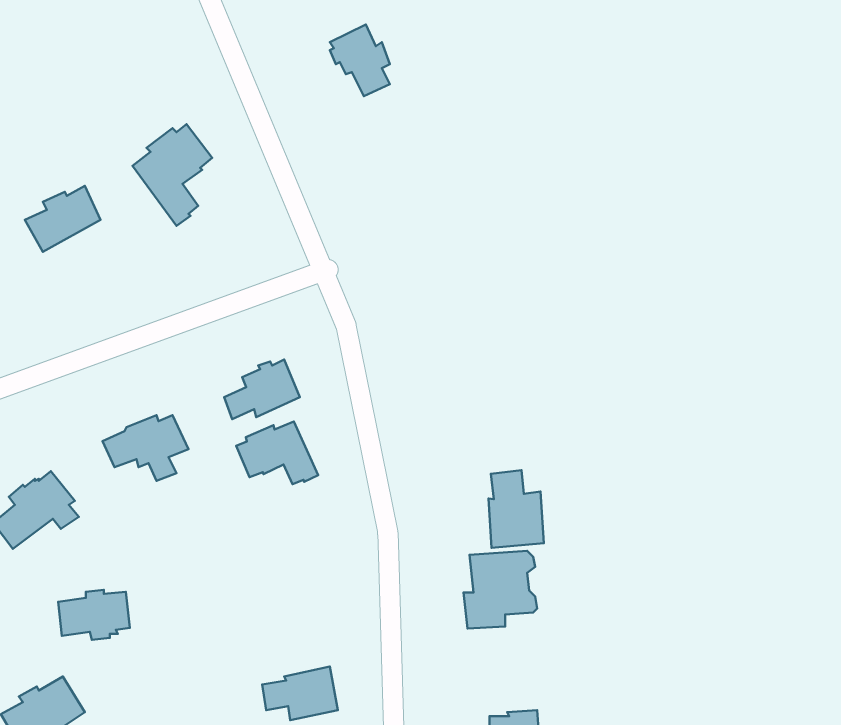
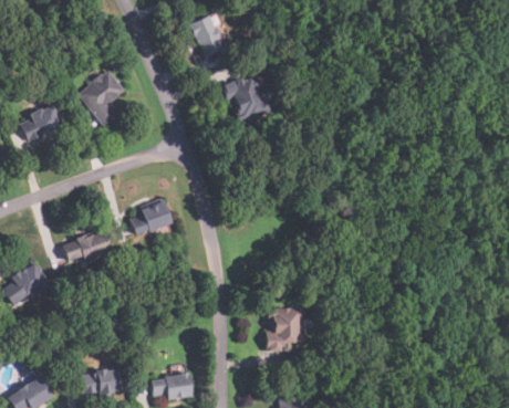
building: none -> [224,76,273,123]
building: [236,421,318,484] -> none
building: [489,470,544,548] -> none
building: [58,590,130,640] -> [81,369,121,397]

